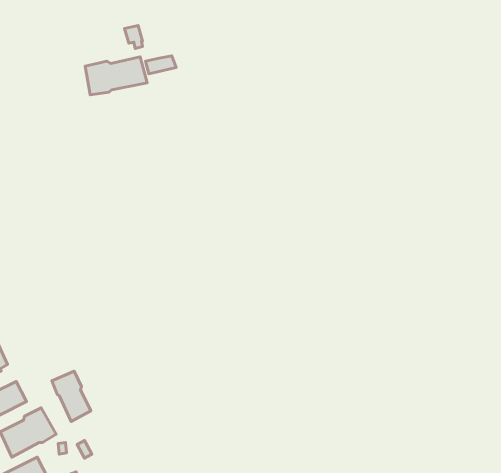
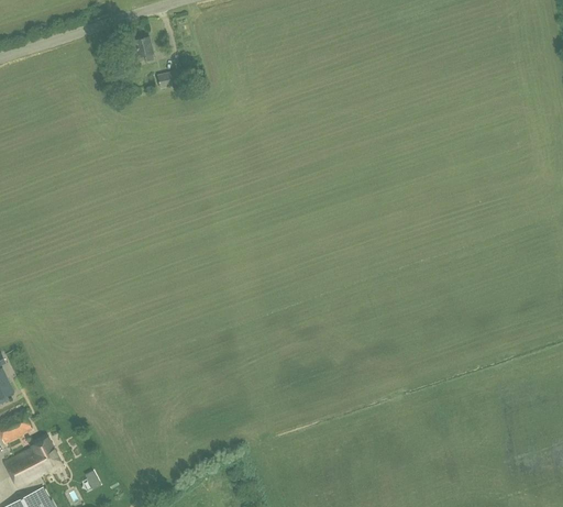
building: [85,57,147,95] -> none
building: [52,371,91,421] -> none

